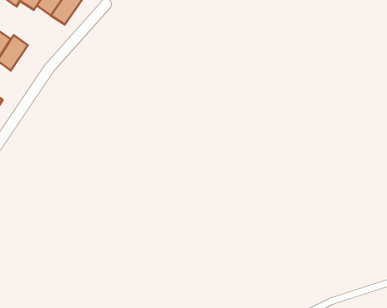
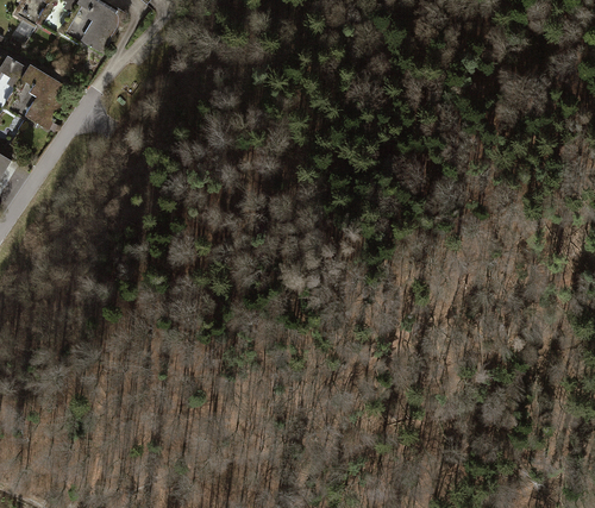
building: none -> [24,79,69,128]

